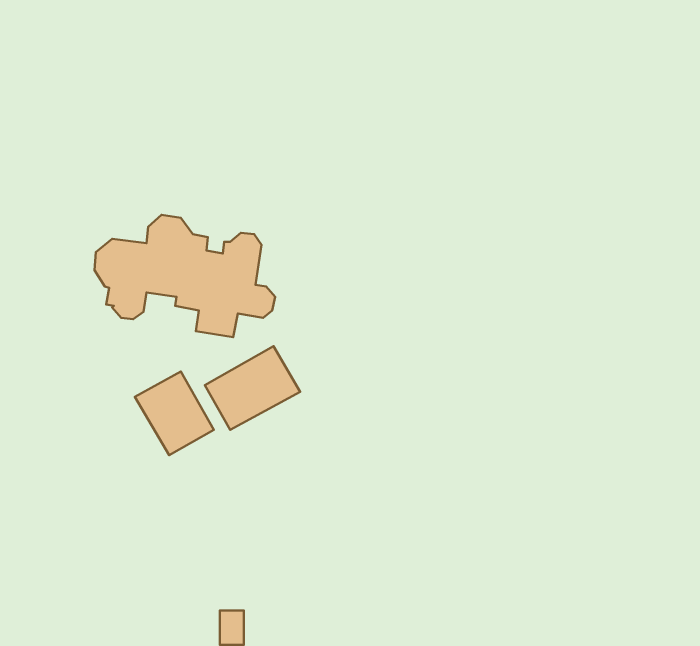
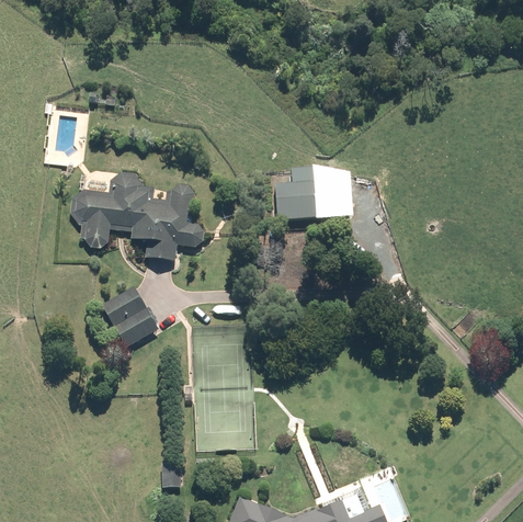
building: none -> [275,166,351,220]
building: [205,346,300,430] -> none

